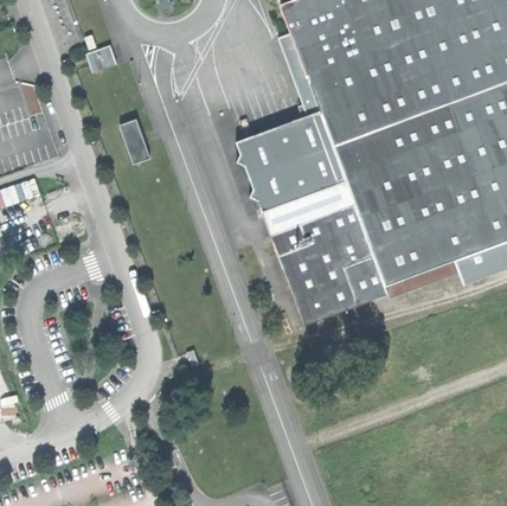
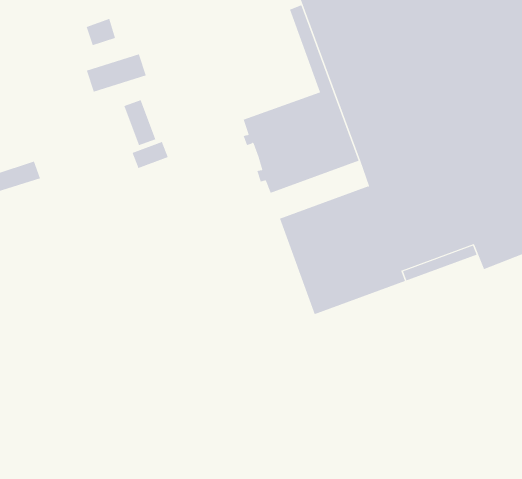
building: none -> [86,54,147,92]
building: none -> [132,141,168,169]
building: [259,179,352,233] -> none

